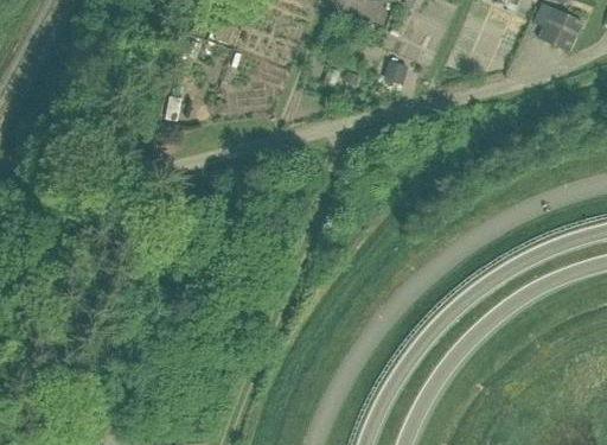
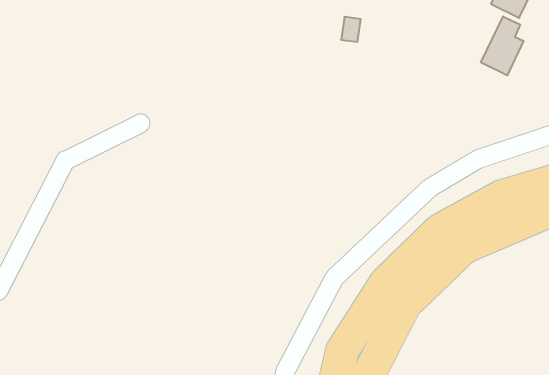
building: none -> [481,16,524,75]

